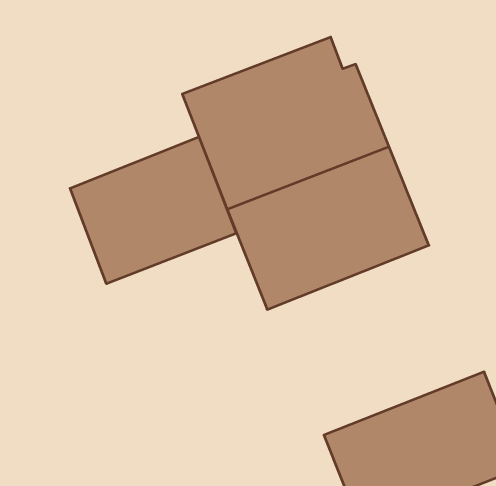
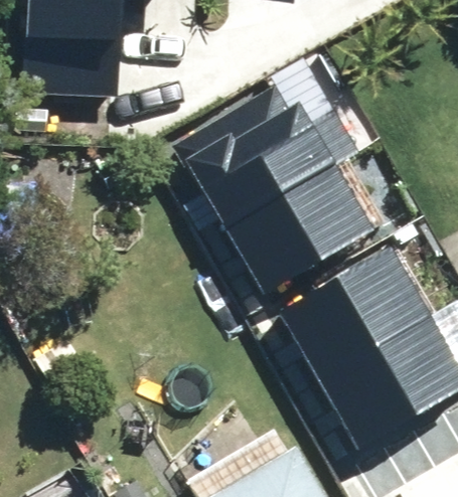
building: [70,137,236,284] -> none
building: none -> [280,246,434,383]

